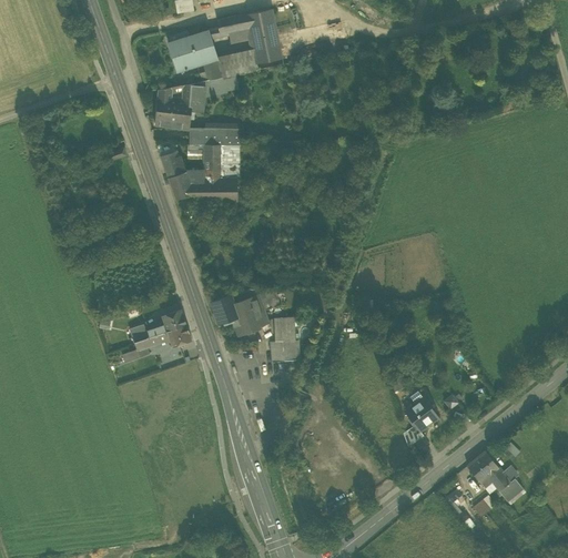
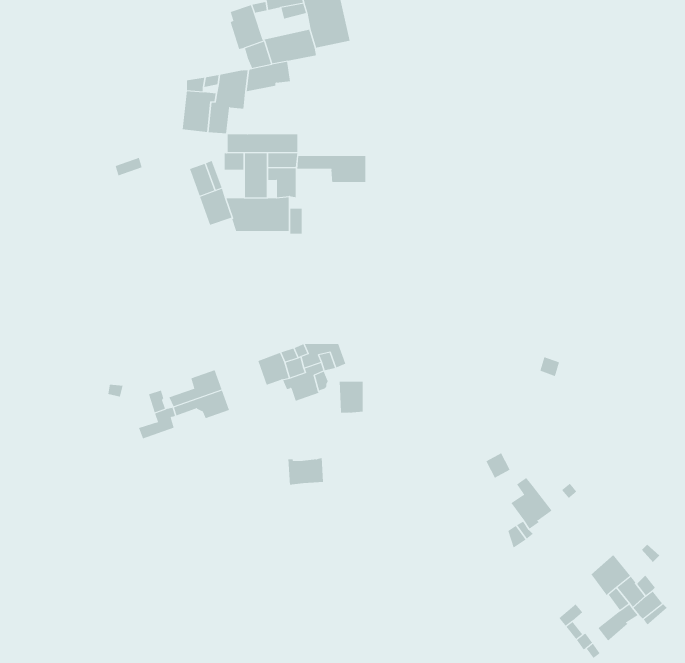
building: [168,37,197,73] -> none
building: none -> [297,155,366,183]
building: [271,341,298,362] -> [288,457,324,485]

